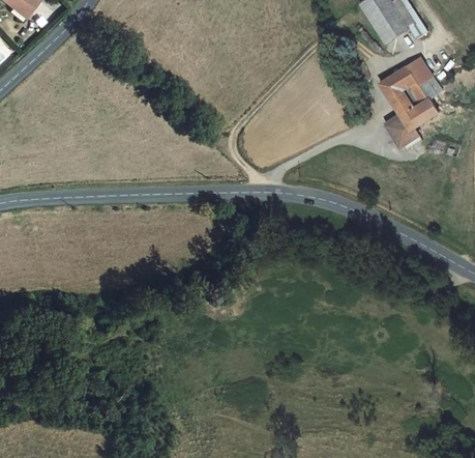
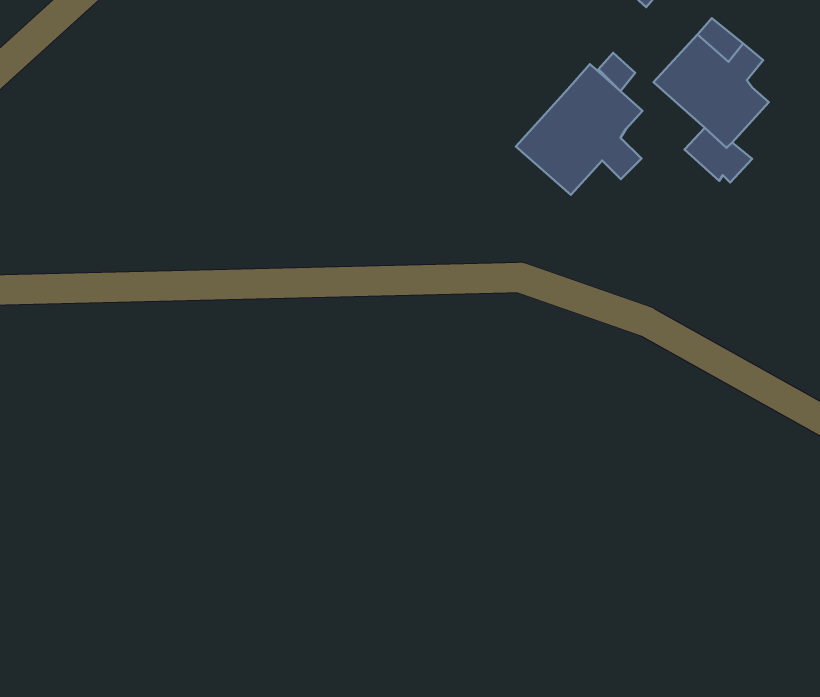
building: none -> [516,64,643,195]

